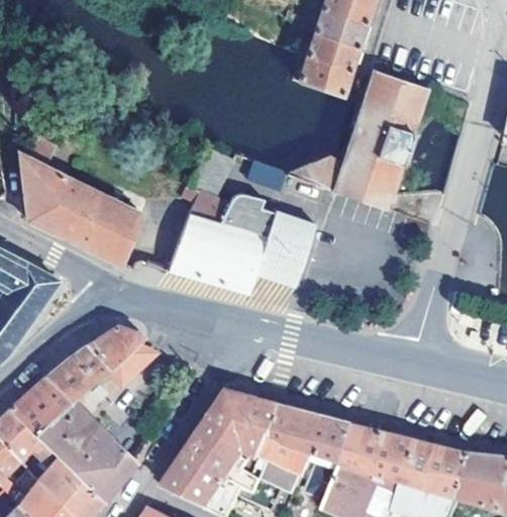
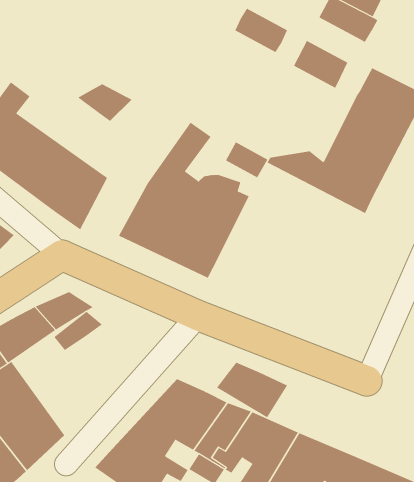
building: [308,31,359,70] -> [234,8,288,53]
building: none -> [77,83,133,122]
building: [257,210,317,285] -> none
building: none -> [216,362,288,418]

